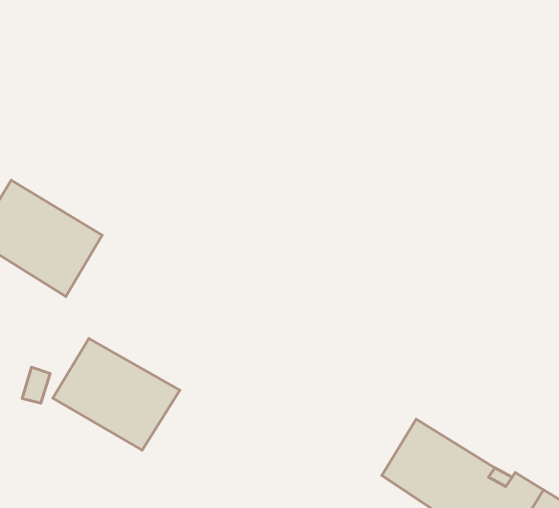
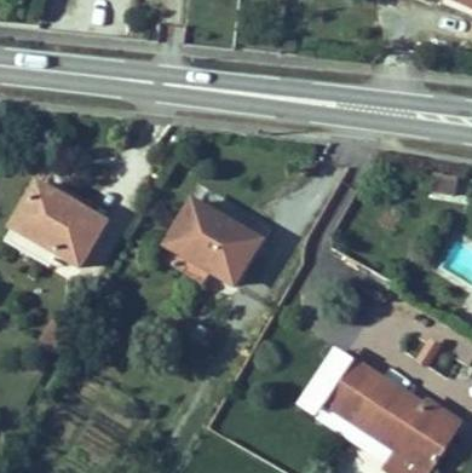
building: [53,338,180,450] -> [160,192,258,278]

